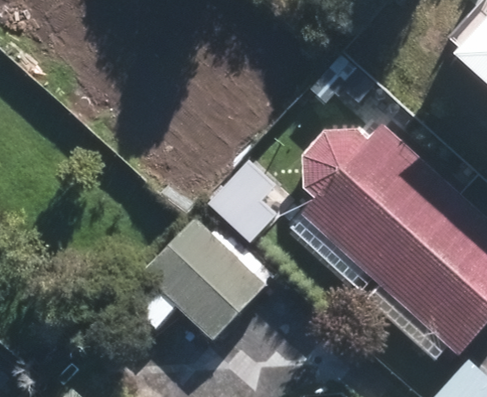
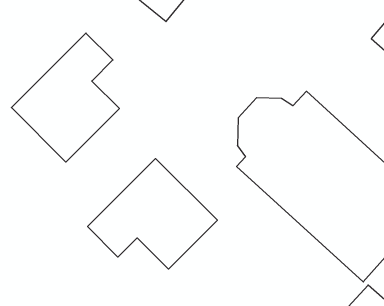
building: none -> [11,33,119,162]

